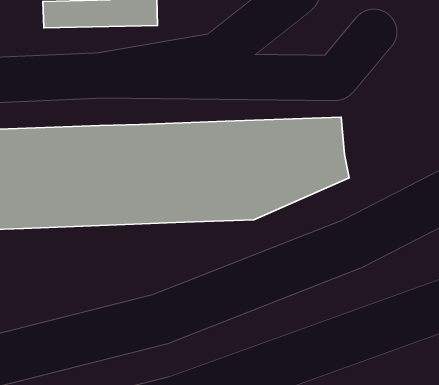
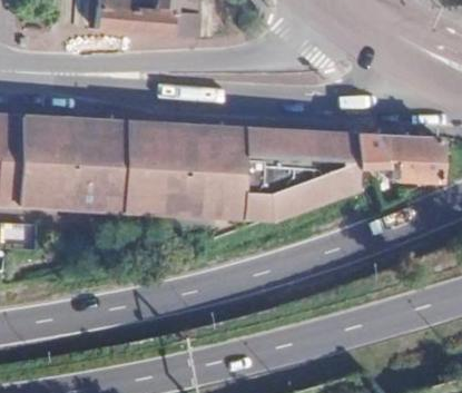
building: none -> [353,134,434,181]

